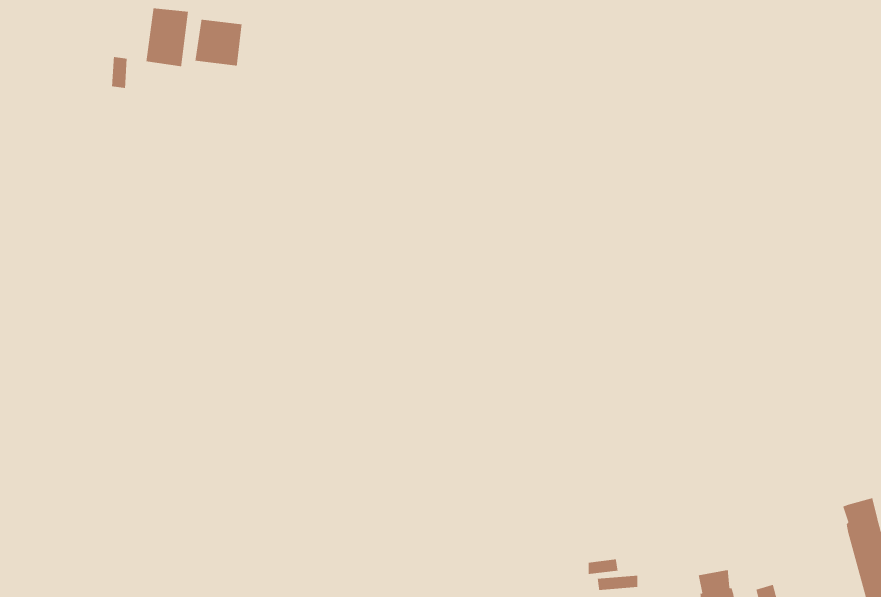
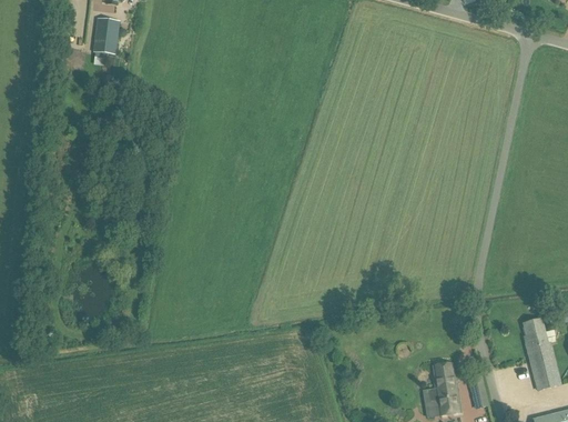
building: [194,19,242,67] -> none

